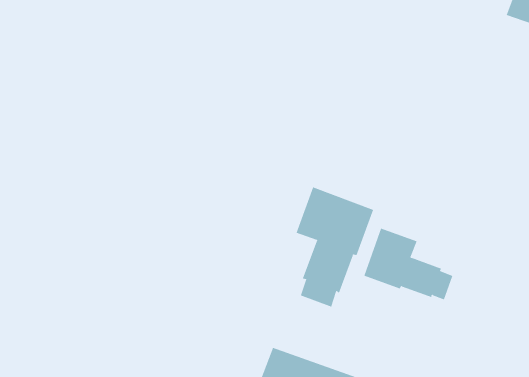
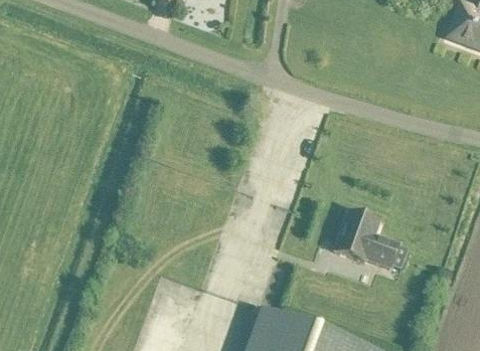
building: [296,187,374,308] -> none

